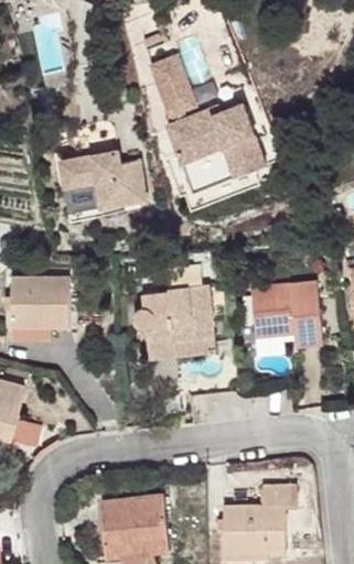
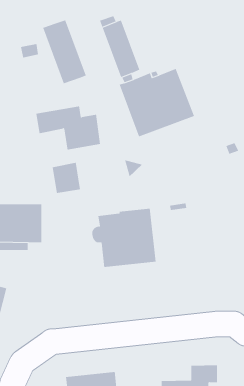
building: none -> [42,19,86,84]
building: [65,181,103,221] -> [52,162,81,194]
building: [249,282,323,346] -> none

